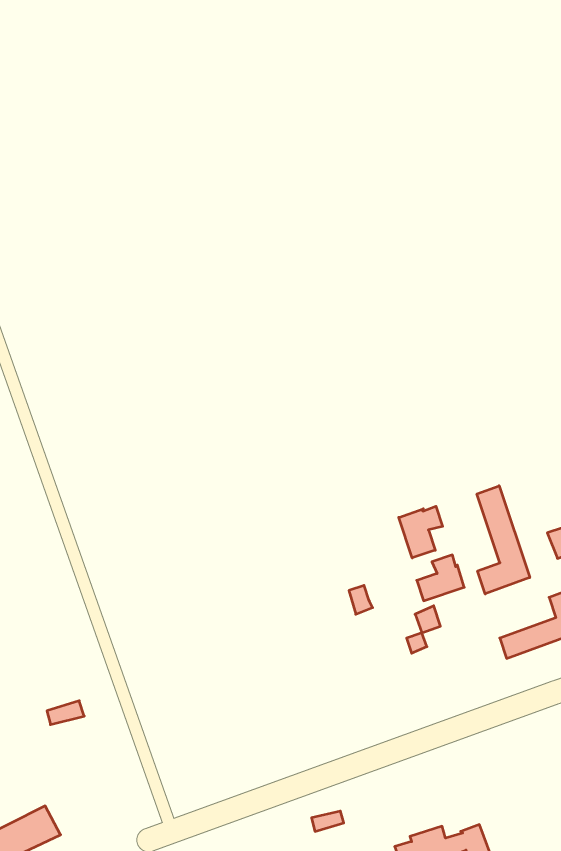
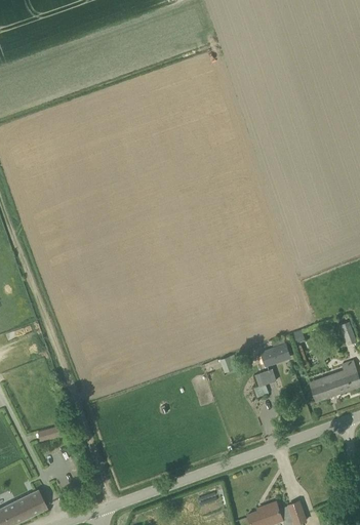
building: [477,486,530,594] -> none
building: [399,506,443,558] -> none

